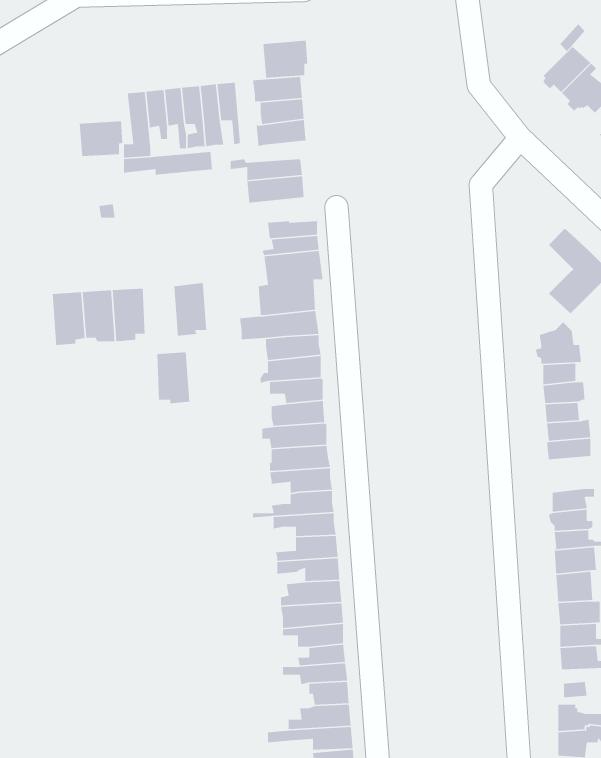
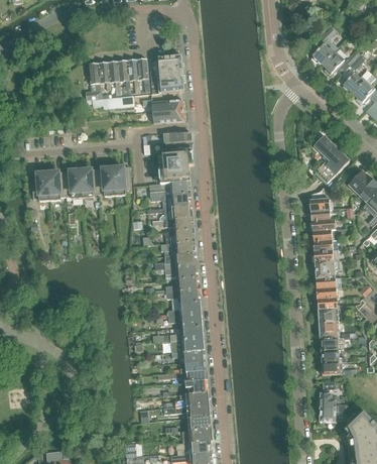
building: [262,40,308,79] -> none
building: [79,120,123,157] -> none
building: none -> [31,171,49,201]
building: [156,352,190,404] -> [97,167,115,196]
building: none -> [315,259,339,278]

